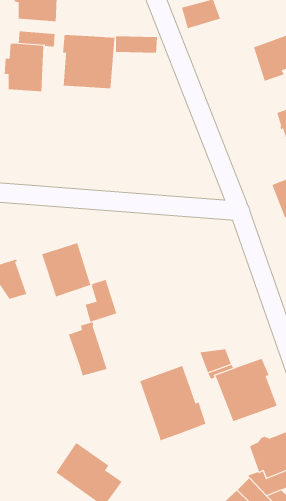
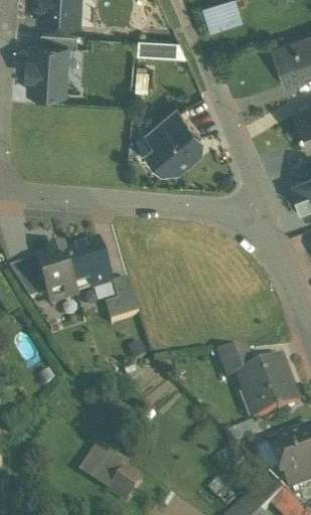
building: [62,34,115,89] -> none
building: none -> [146,110,201,171]
building: [68,322,108,376] -> [38,251,77,306]
building: [139,365,206,441] -> none

